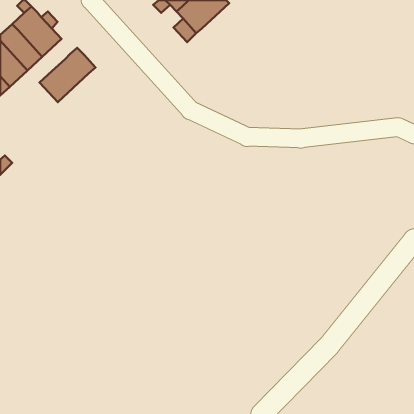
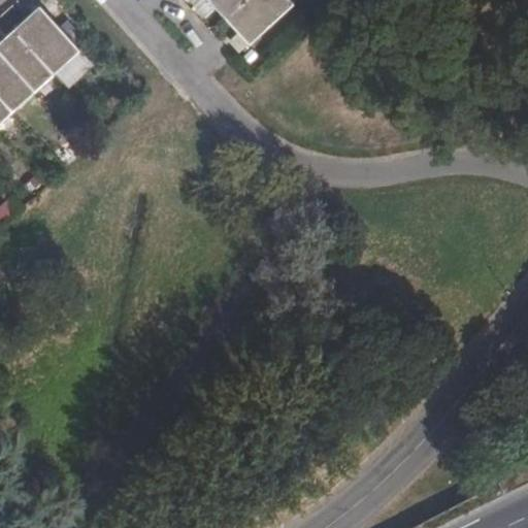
building: [40,48,96,102] -> none

